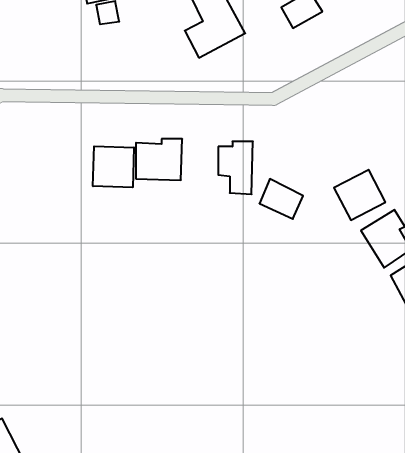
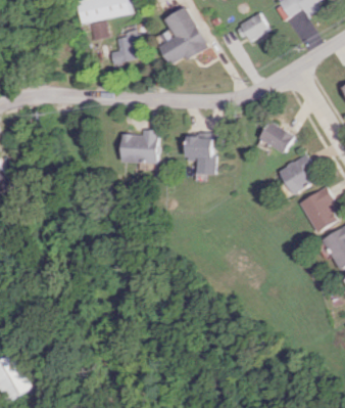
building: none -> [110,36,138,64]
building: [93,146,134,187] -> none
building: [259,179,303,219] -> [259,122,294,153]

